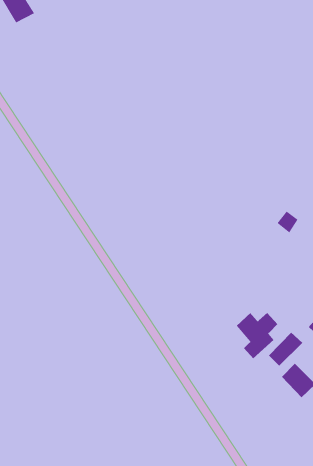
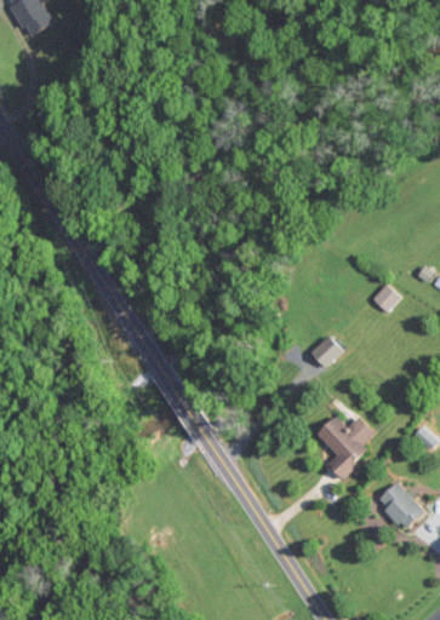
building: none -> [310,334,343,366]
building: [268,332,303,367] -> none

